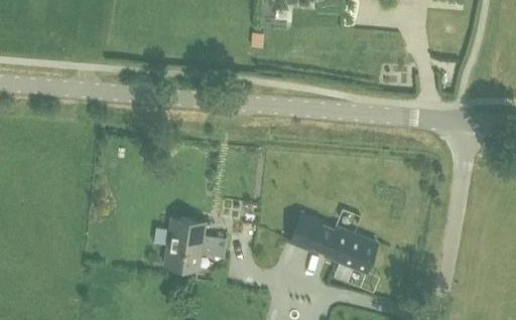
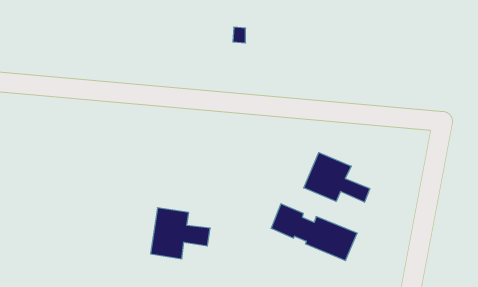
building: none -> [304,153,370,202]

